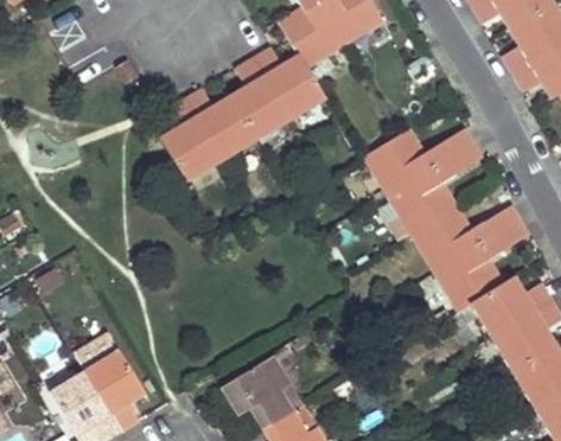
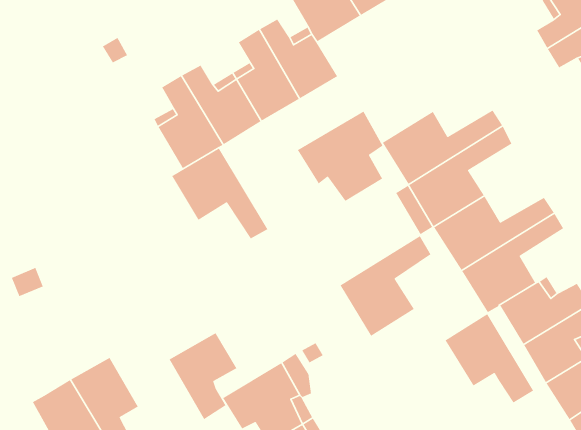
building: none -> [297,111,384,202]
building: none -> [171,148,268,240]
building: none -> [340,235,431,337]
building: none -> [445,313,534,404]
building: none -> [168,332,237,420]

